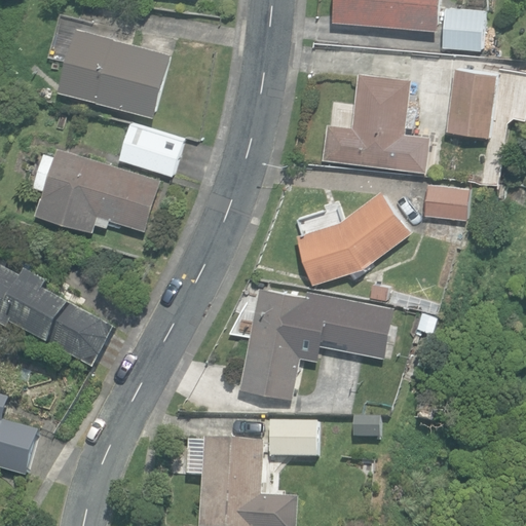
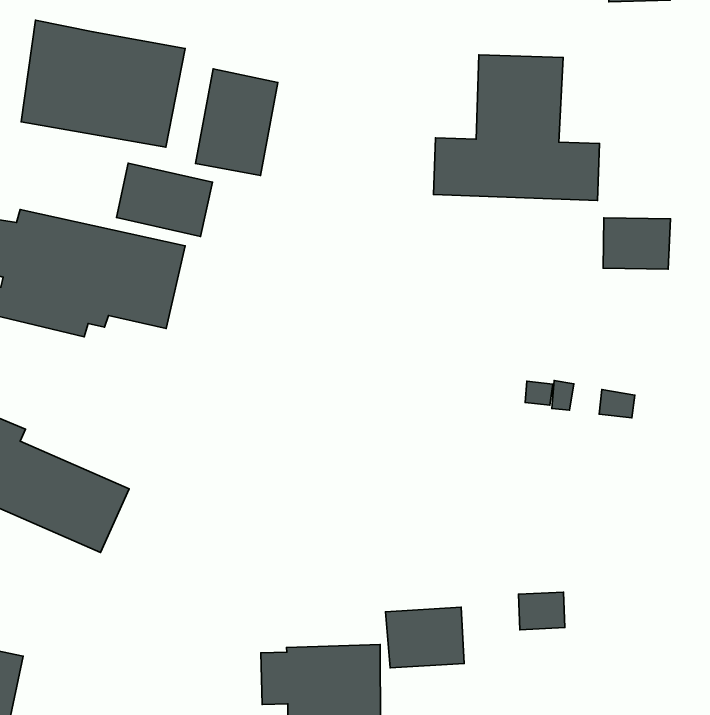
building: [446,69,498,137] -> none
building: none -> [195,69,278,175]
building: [297,191,411,285] -> none
building: [239,286,398,399] -> none

